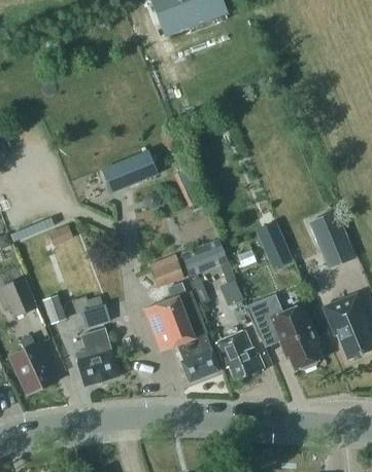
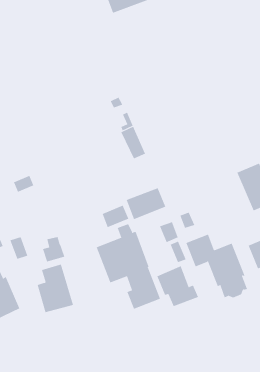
building: [100,149,158,193] -> none
building: [255,217,291,265] -> none

